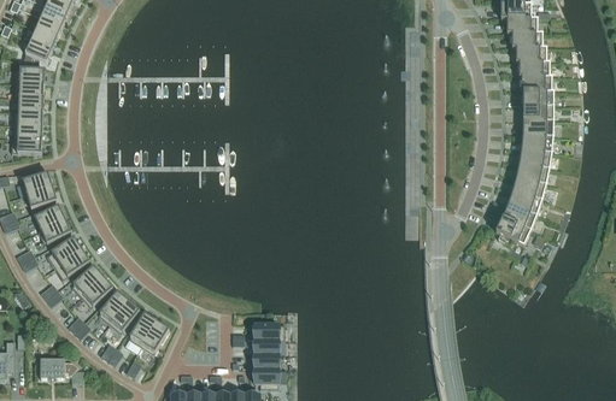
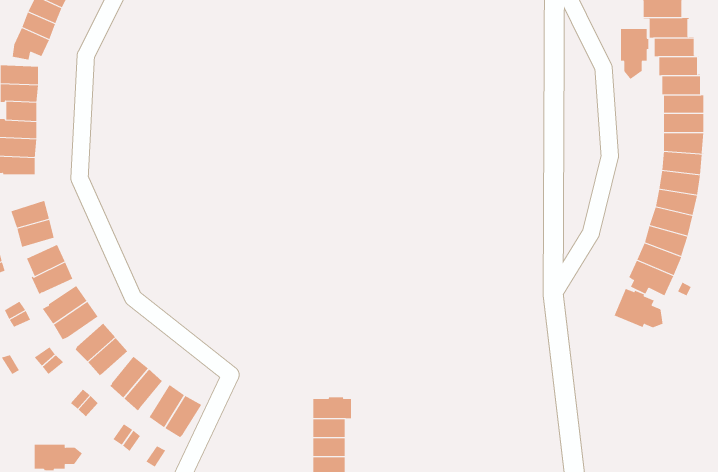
building: none -> [620,28,649,80]
building: none -> [614,288,663,328]

